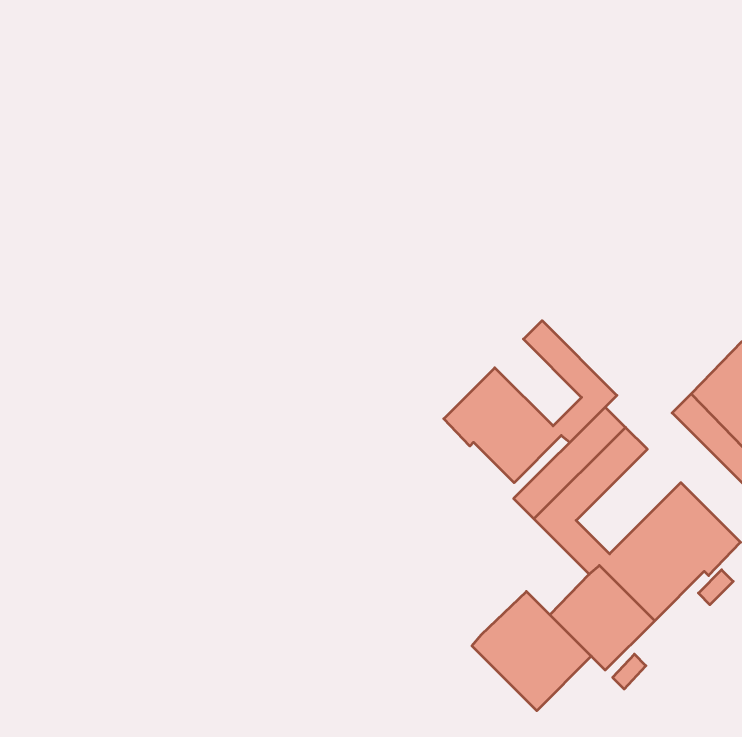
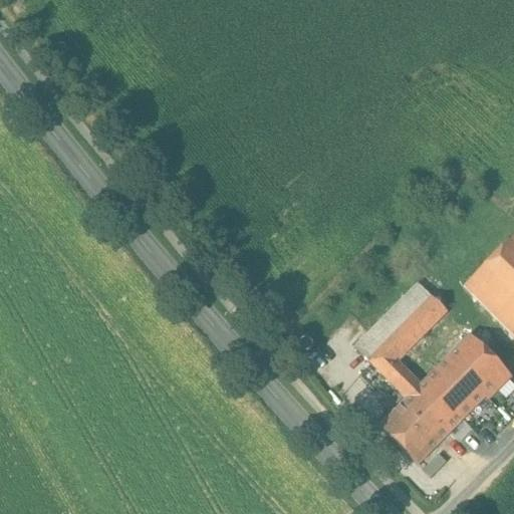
building: [444,321,617,483] -> none
building: [472,591,591,711] -> none

